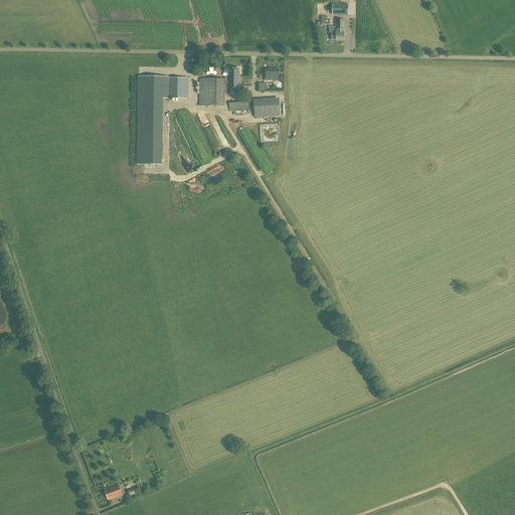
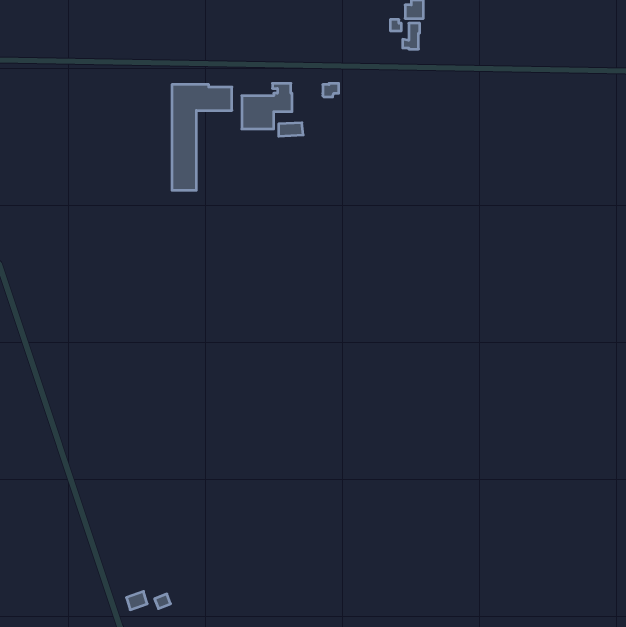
building: [252,98,280,118] -> none

